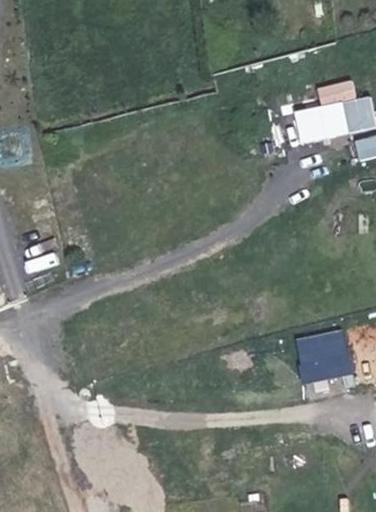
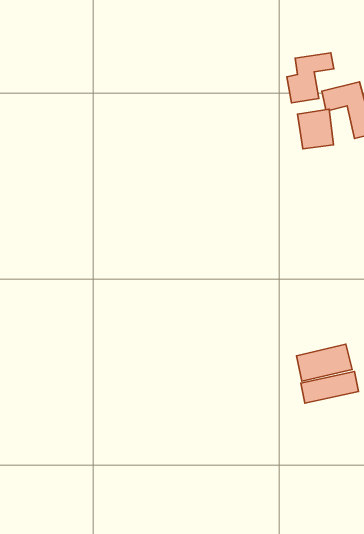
building: none -> [287,53,334,103]

